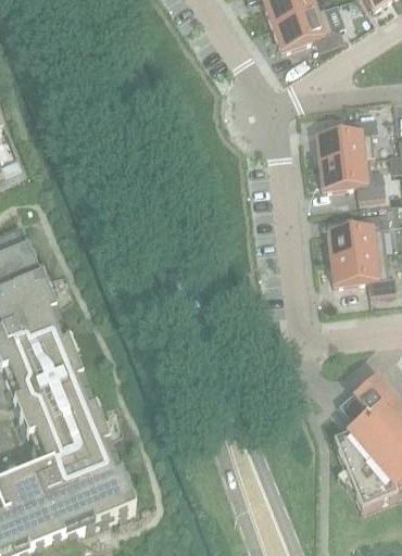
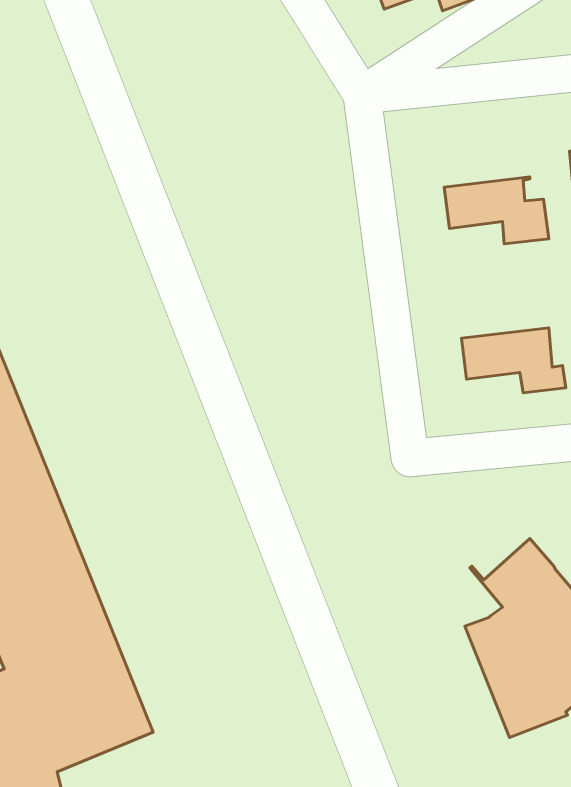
building: [315,116,377,162] -> none
building: [326,211,388,257] -> none

